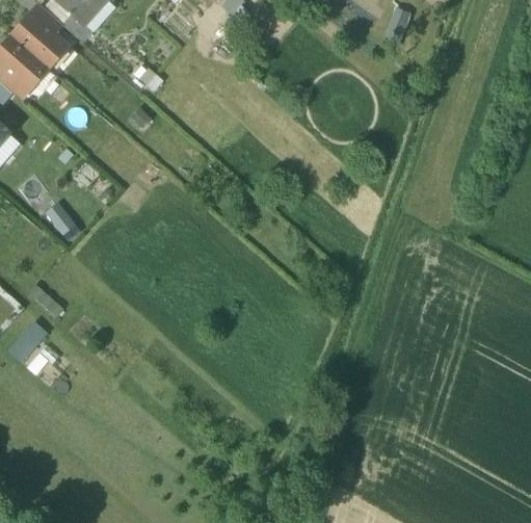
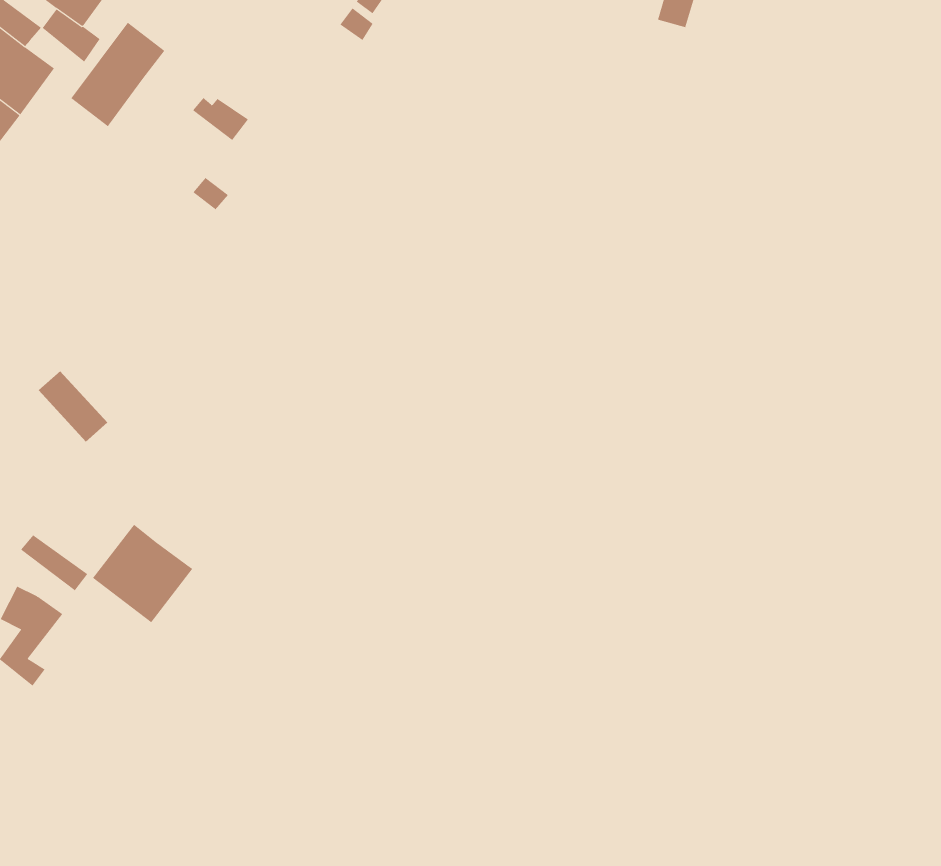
building: none -> [71,22,165,127]
building: none -> [92,524,193,623]

